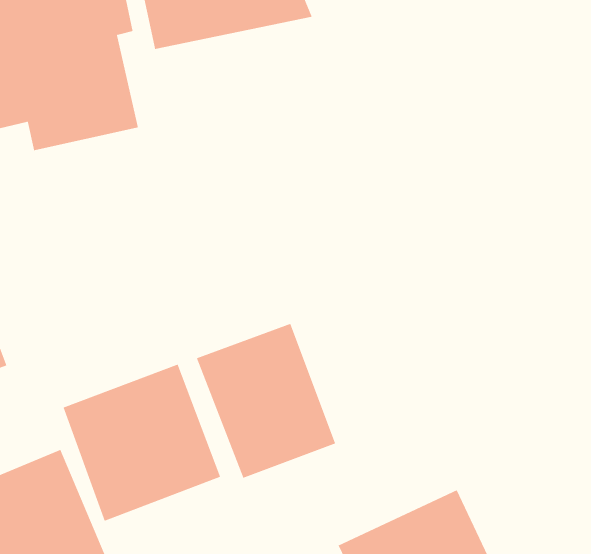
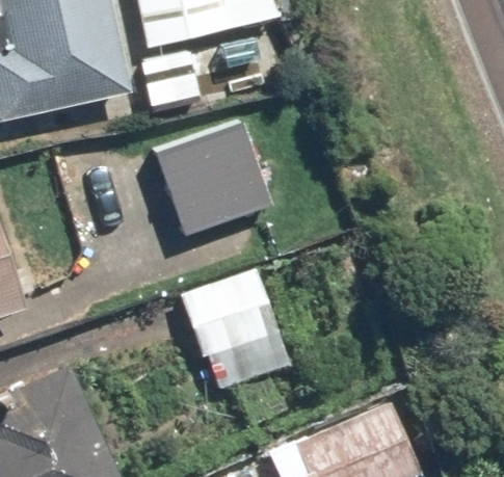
building: none -> [147,118,271,237]
building: [63,364,221,522] -> none

